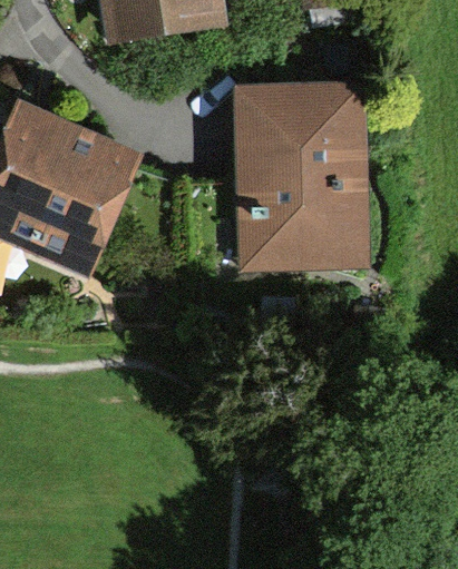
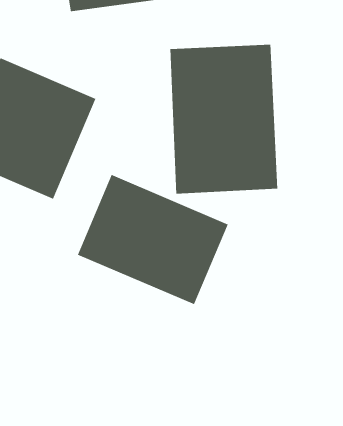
building: none -> [77,174,229,305]

